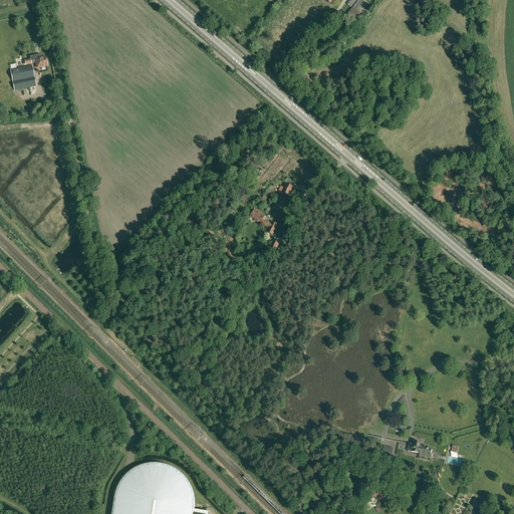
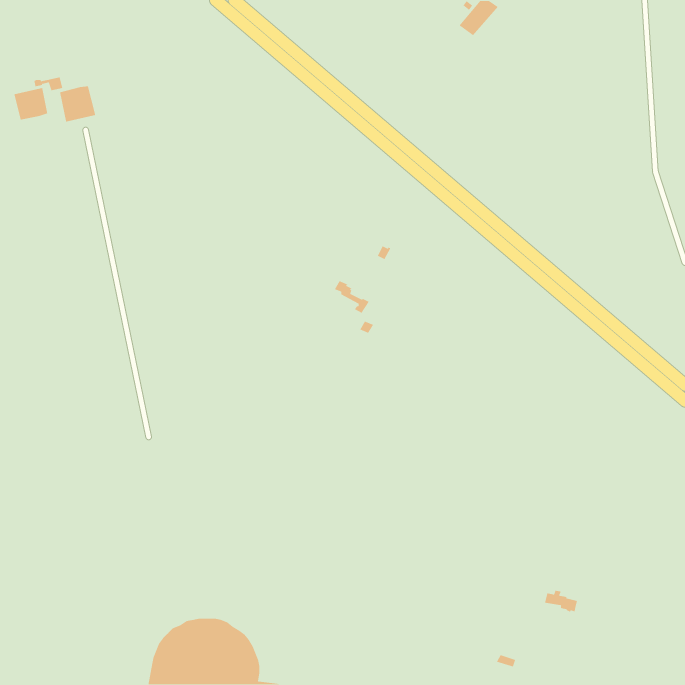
building: none -> [59,85,96,122]

